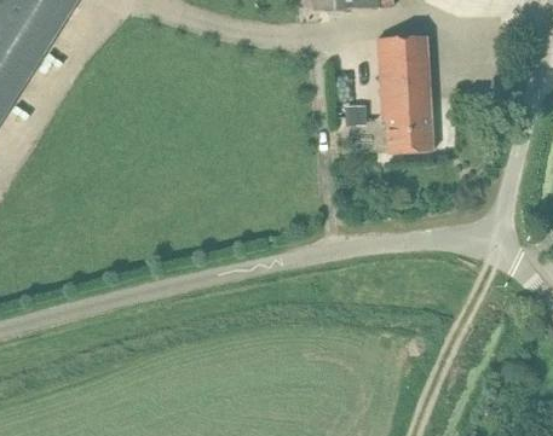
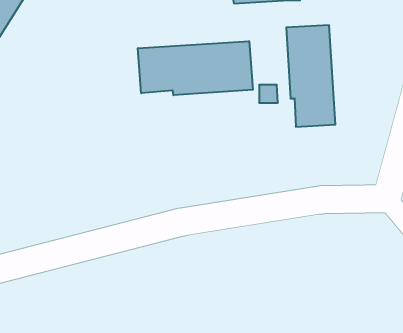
building: none -> [138,41,253,95]

